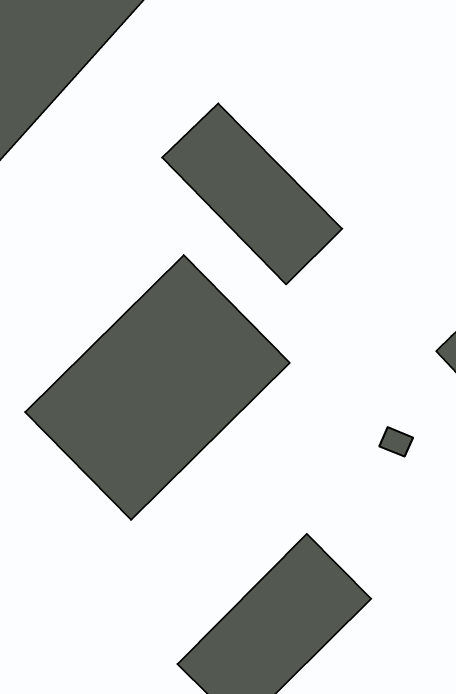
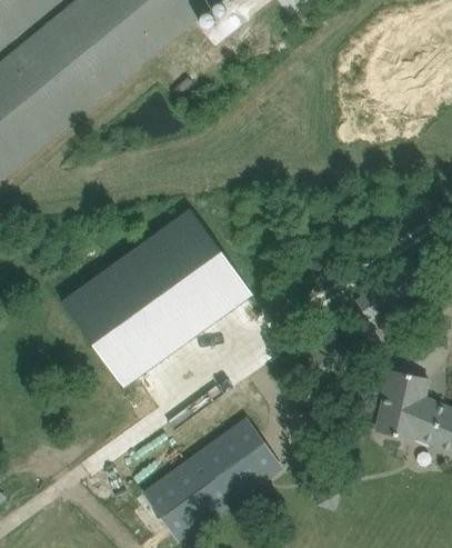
building: [162,103,342,284] -> none

